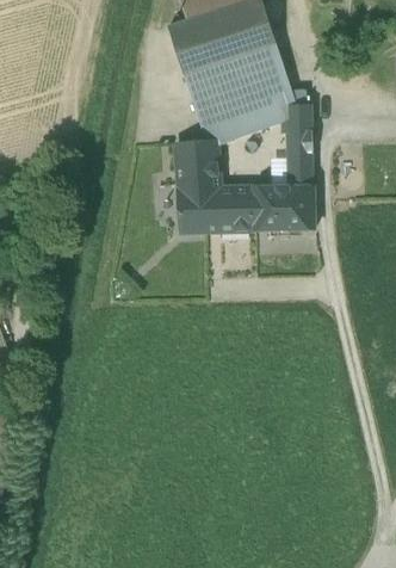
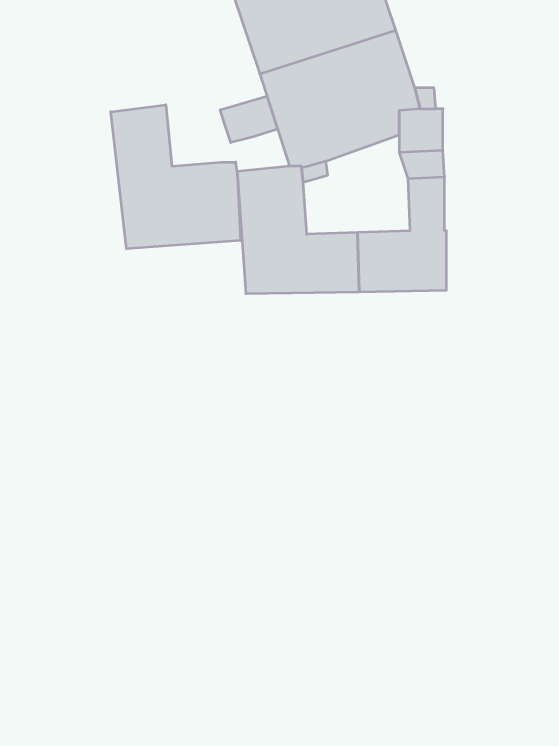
building: none -> [220,96,277,143]
building: none -> [111,105,241,249]

